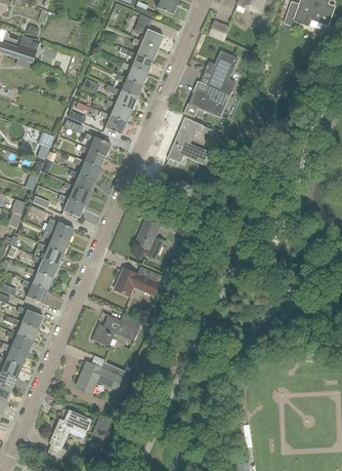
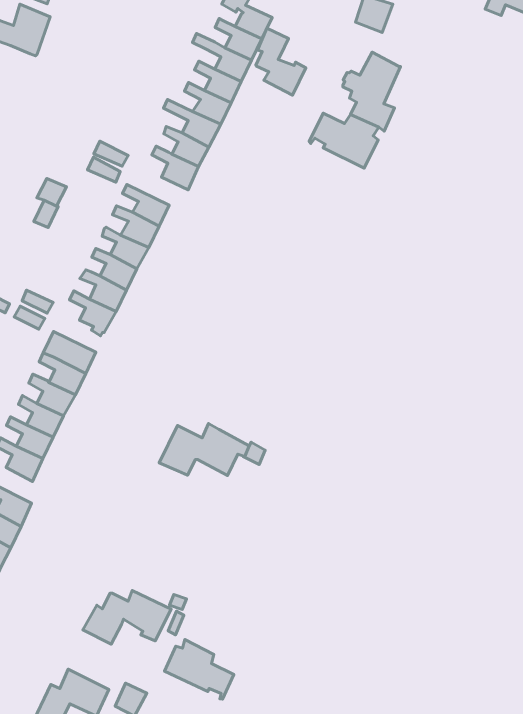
building: none -> [256,28,306,95]
building: [168,117,214,164] -> none
building: [134,212,165,259] -> none
building: [91,311,141,343] -> none
building: none -> [165,639,234,699]

